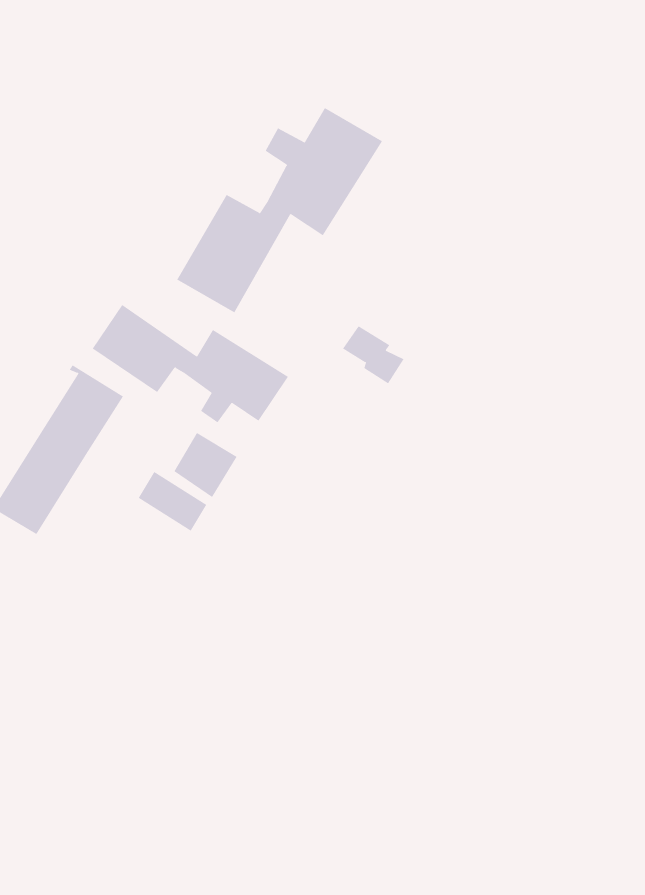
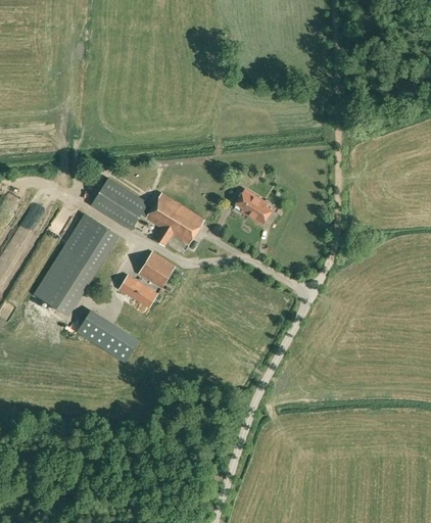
building: [177,107,383,313] -> none
building: none -> [77,307,140,362]

